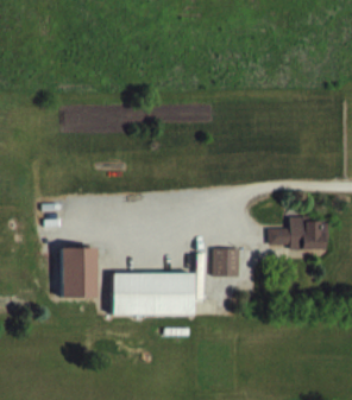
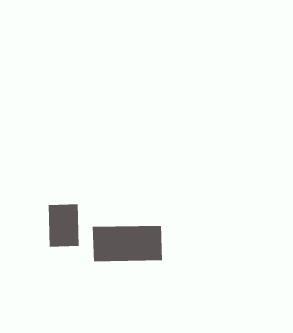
building: [268,218,327,249] -> none
building: [213,248,240,275] -> none

